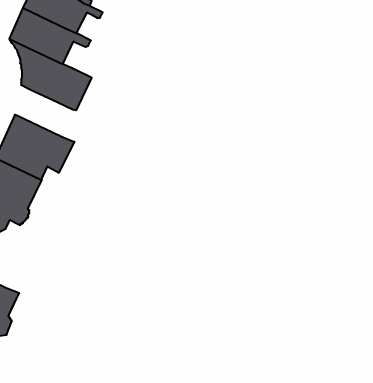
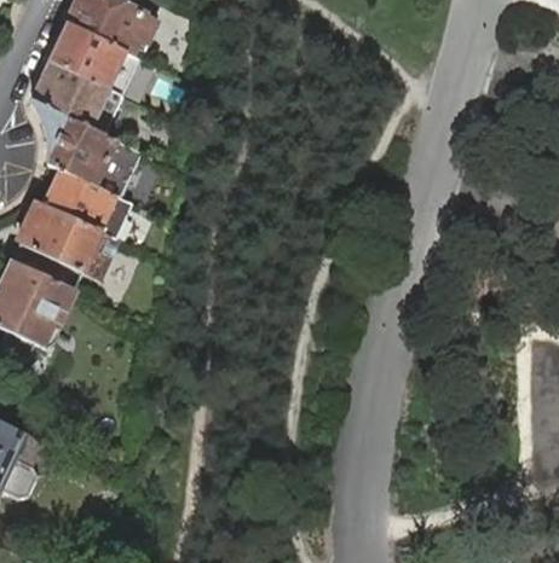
building: none -> [40,167,128,236]

